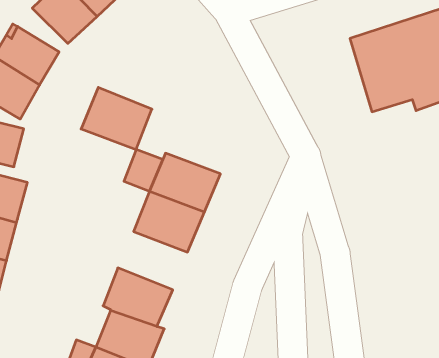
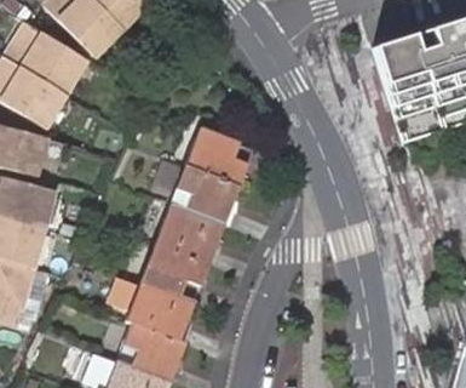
building: [81,87,152,150] -> [190,120,260,182]
building: none -> [143,239,212,297]

